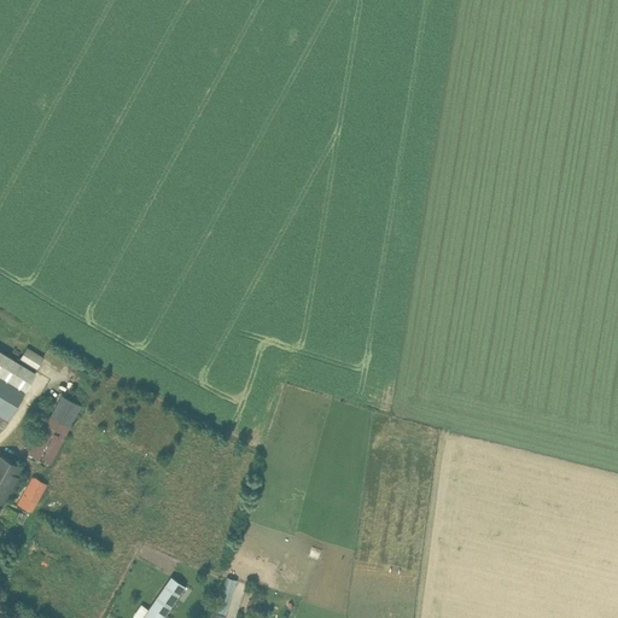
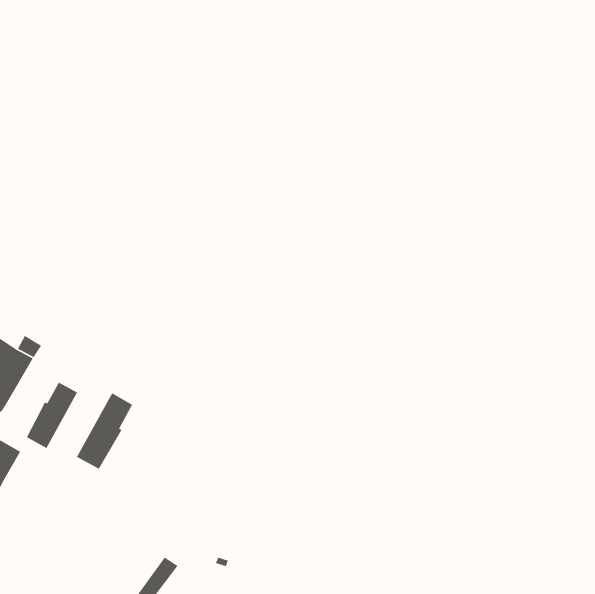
building: none -> [76,392,133,470]
building: [16,478,46,513] -> none

